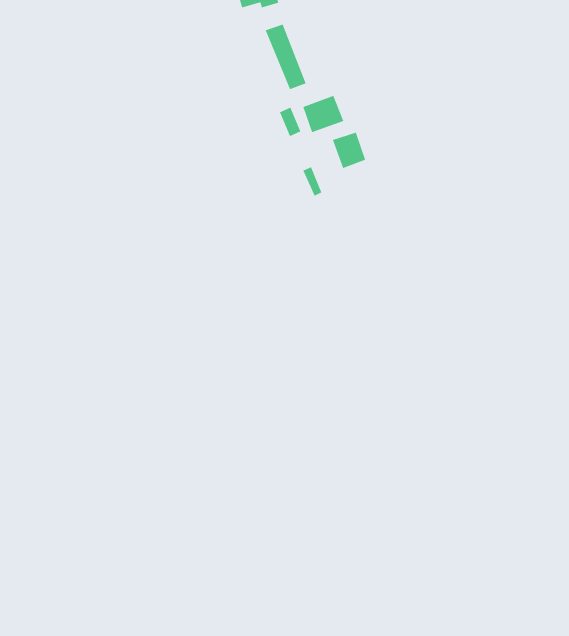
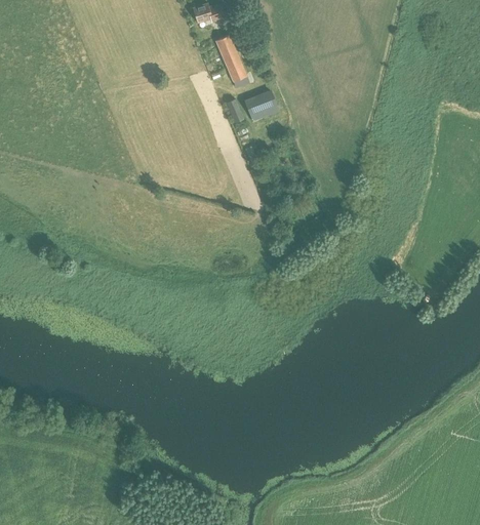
building: [332,132,366,169] -> none

